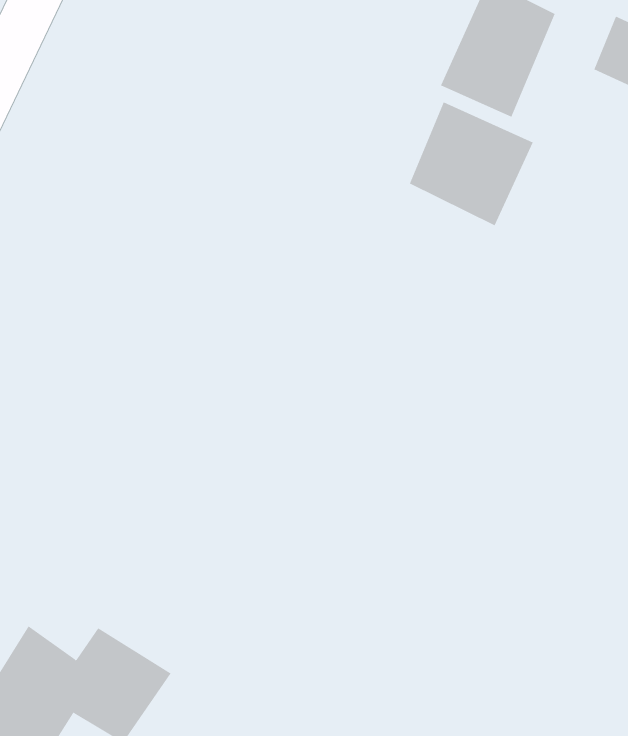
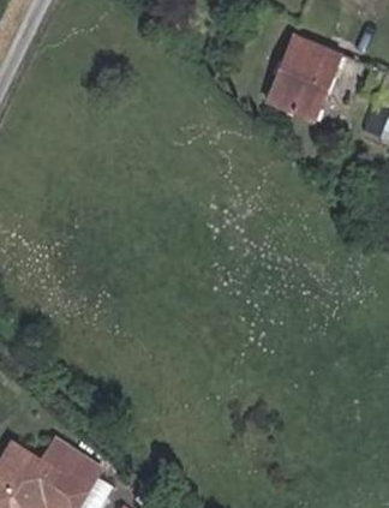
building: [409,102,533,226] -> none

